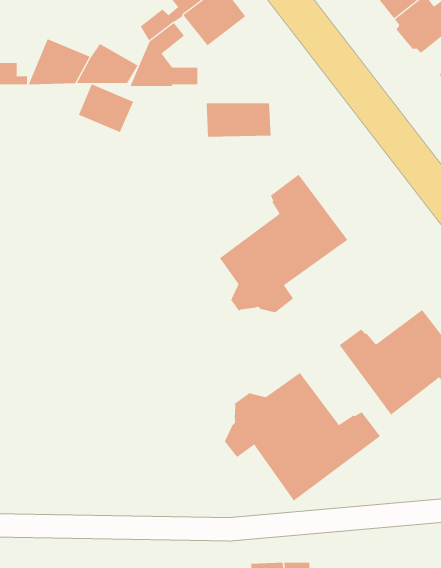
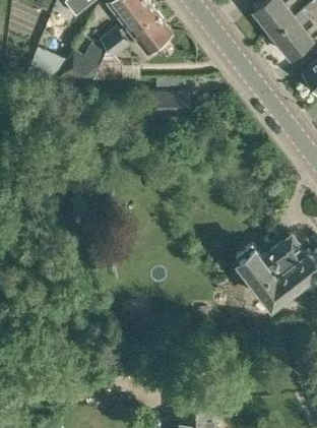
building: [78,83,134,133] -> none
building: [219,174,348,313] -> none
building: [224,372,381,501] -> none

